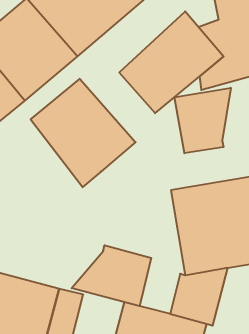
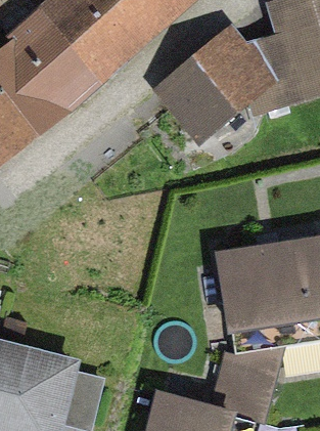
building: [31,79,136,187] -> none
building: [174,88,231,153] -> none
building: [72,245,151,306] -> none

